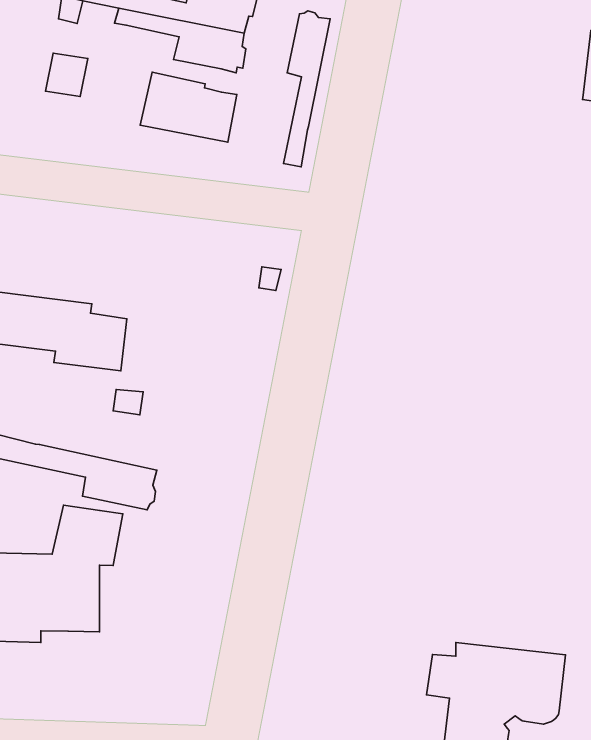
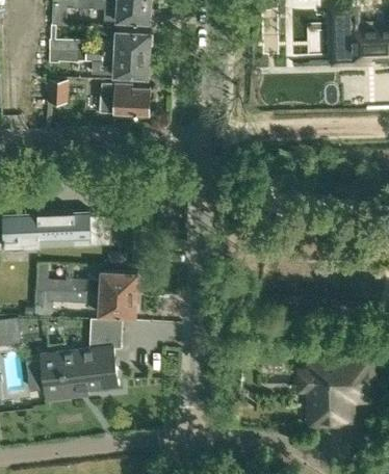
building: [284,11,330,167] -> none
building: none -> [70,271,139,295]

